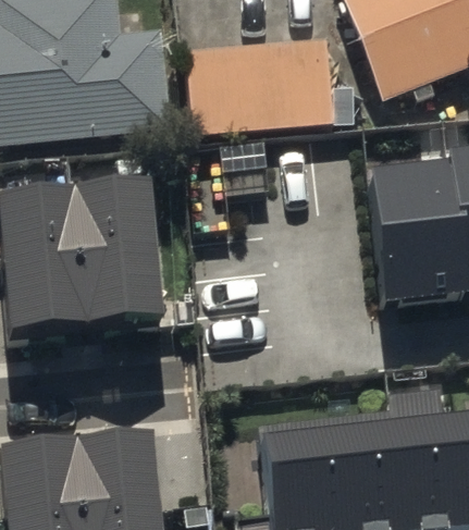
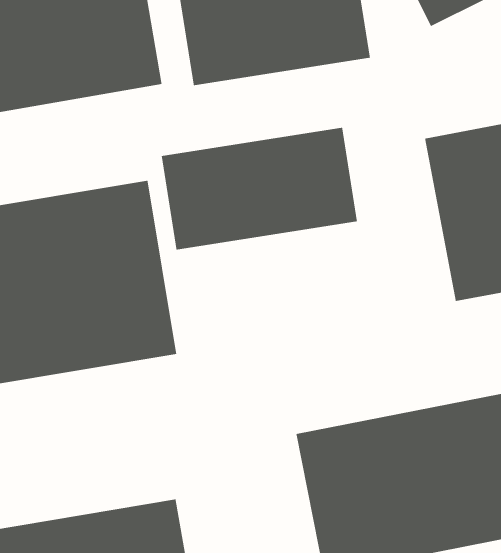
building: none -> [161,127,358,250]

